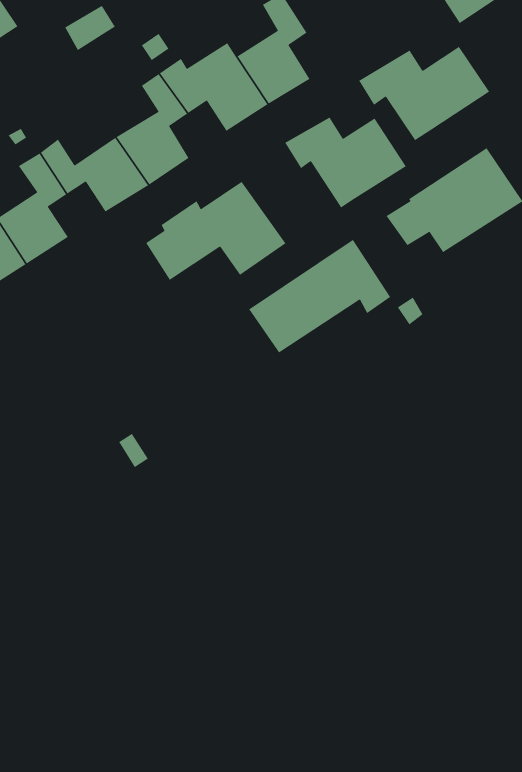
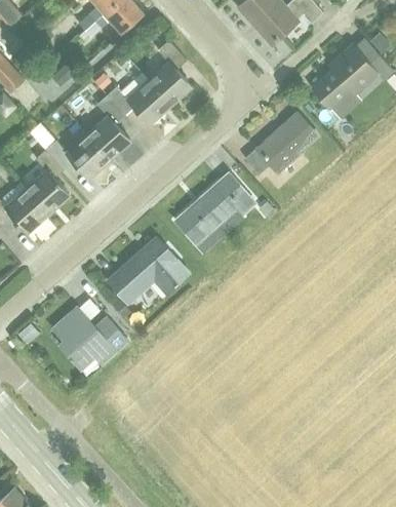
building: [358,46,490,141] -> none
building: [284,116,407,208] -> none
building: [145,181,286,281] -> [110,241,189,303]
building: none -> [52,307,126,368]

